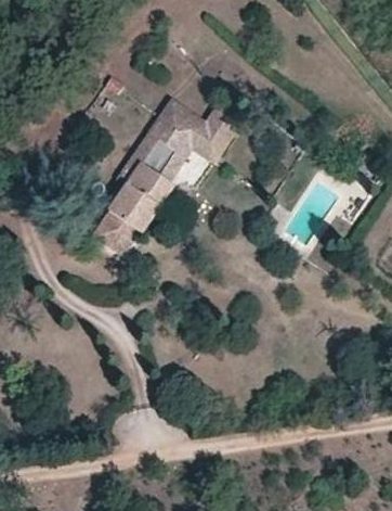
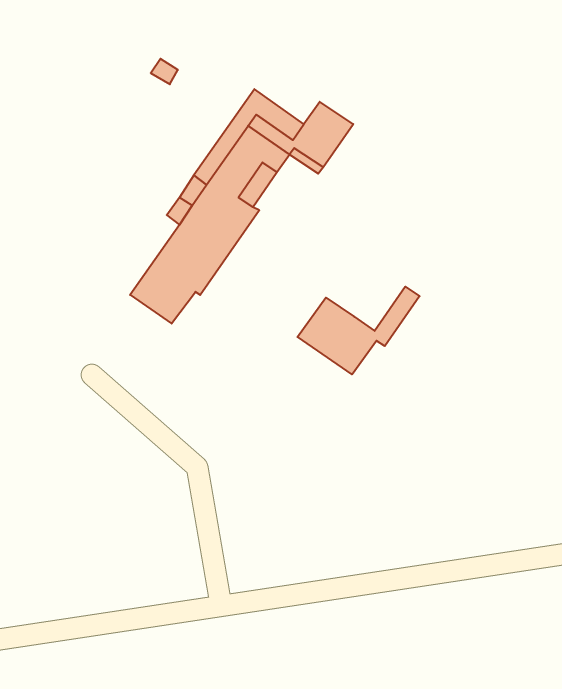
building: none -> [297,287,420,374]

